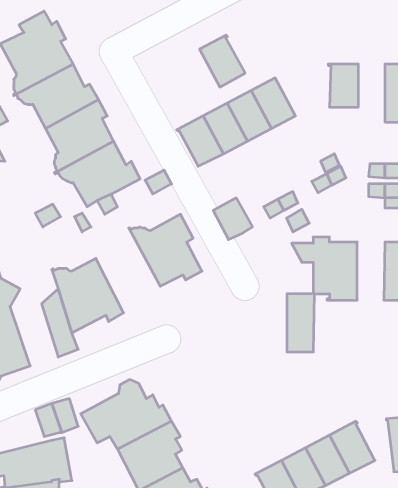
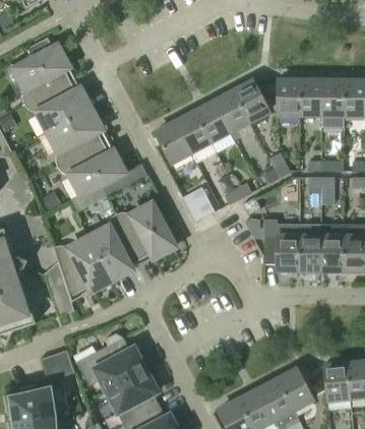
building: [200,35,245,87] -> [233,80,269,122]
building: none -> [300,80,321,115]
building: none -> [88,212,140,281]
building: [287,294,315,352] -> [299,224,321,270]

